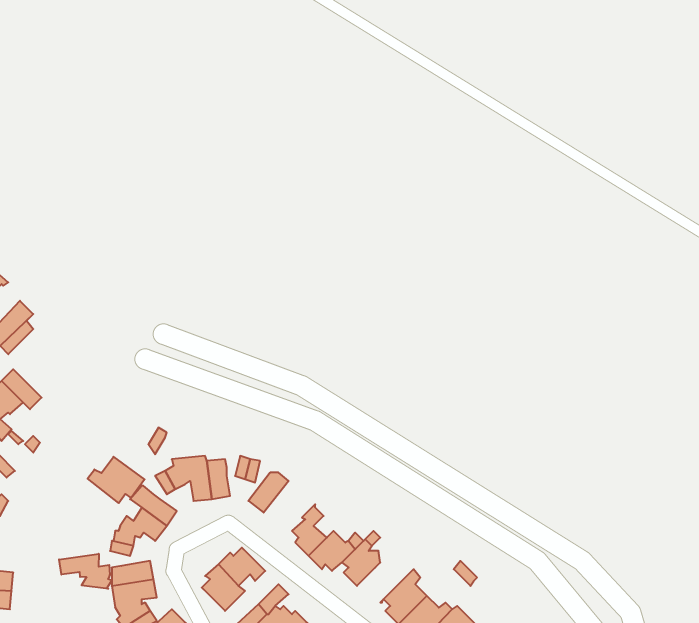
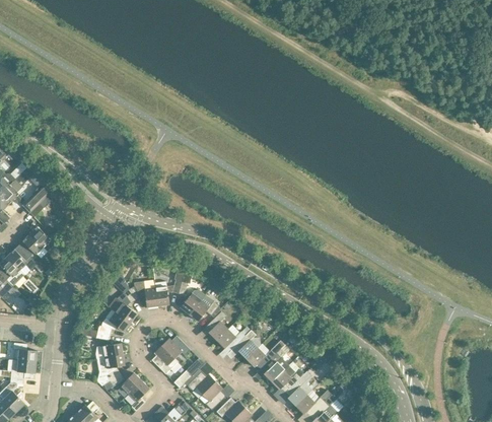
building: [88,457,145,503] -> none
building: none -> [189,295,220,322]
building: [59,554,112,589] -> none
building: none -> [245,341,284,369]

